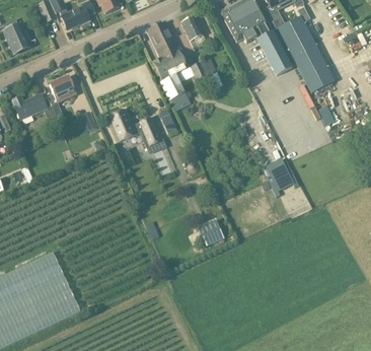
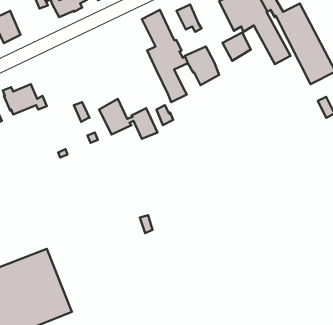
building: none -> [222,32,251,61]
building: [47,76,76,115] -> none
building: [266,159,293,190] -> none
building: [198,219,223,245] -> none

